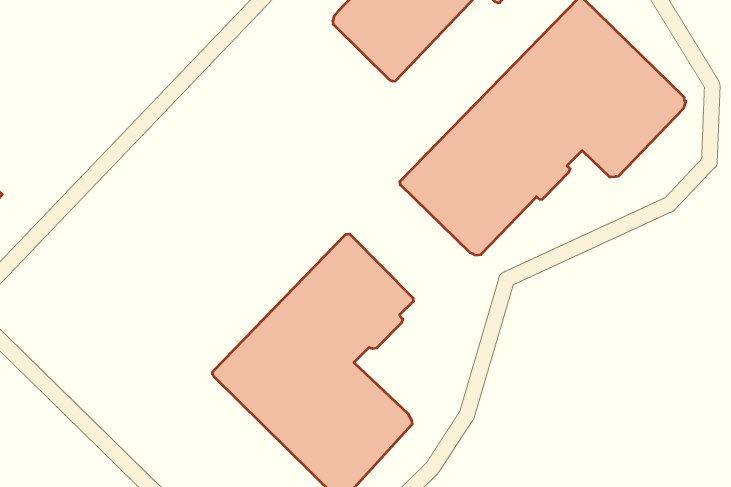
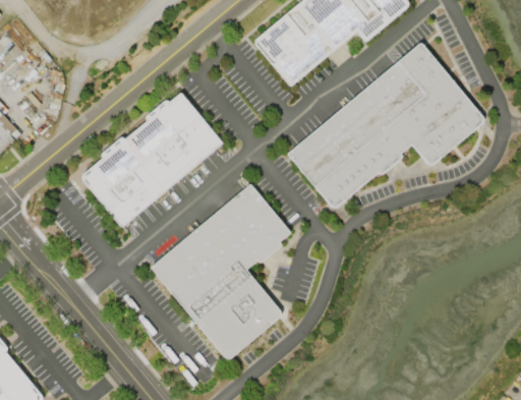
building: none -> [81,93,222,227]

